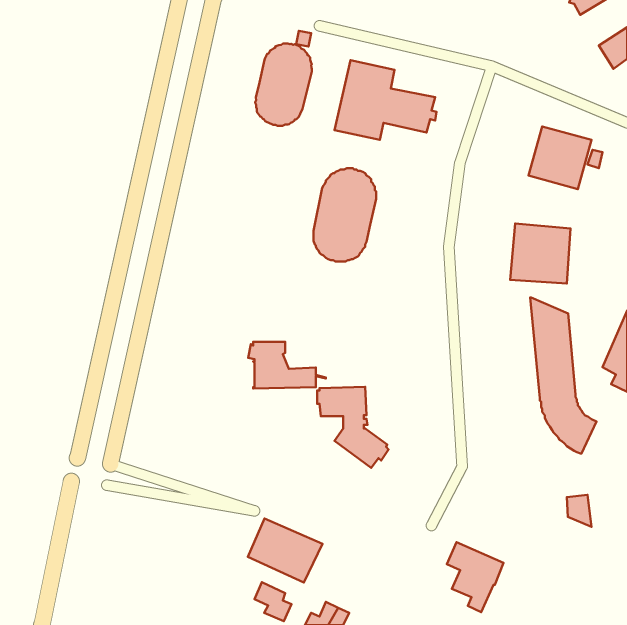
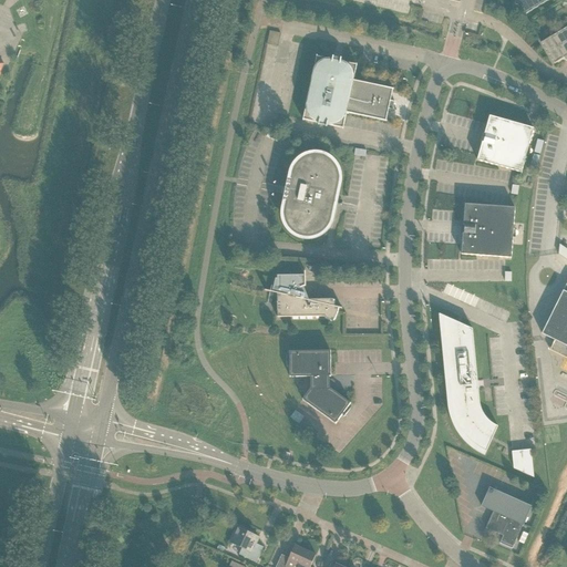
building: [255,43,312,126] -> none
building: [530,297,596,453] -> [437,312,497,453]
building: [248,342,326,388] -> [271,274,341,316]
building: [248,518,322,582] -> none
building: [447,542,503,612] -> [480,484,530,547]

